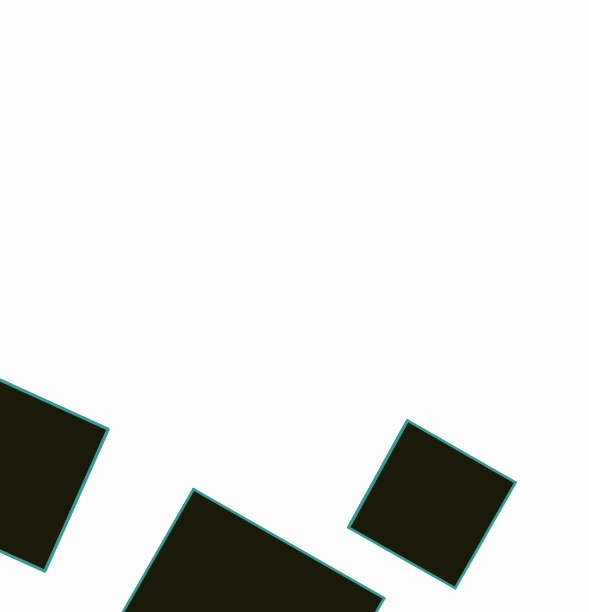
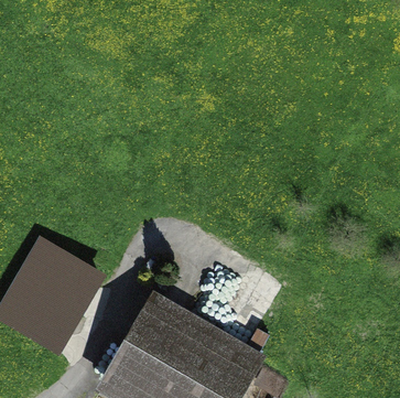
building: [348,421,515,588] -> none

